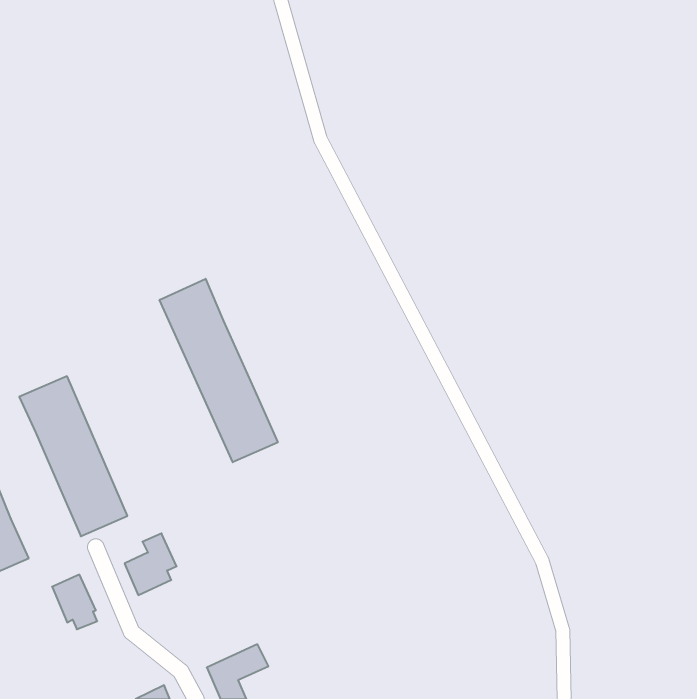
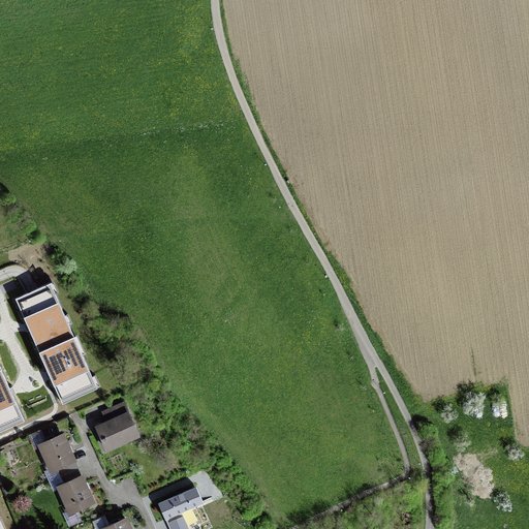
building: [160,279,278,462] -> none
building: none -> [57,469,91,511]

